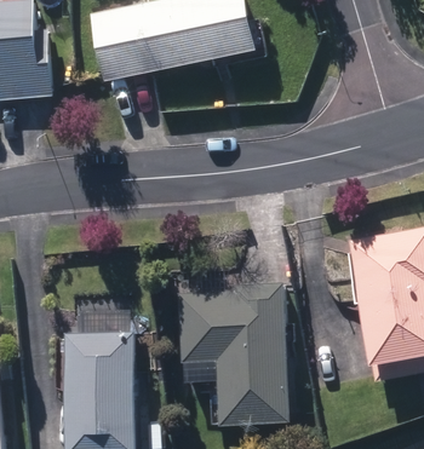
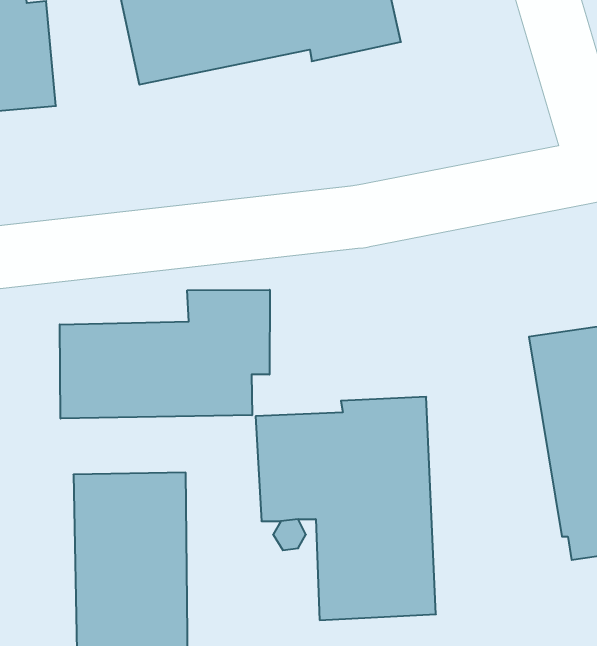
building: none -> [60,290,270,419]

